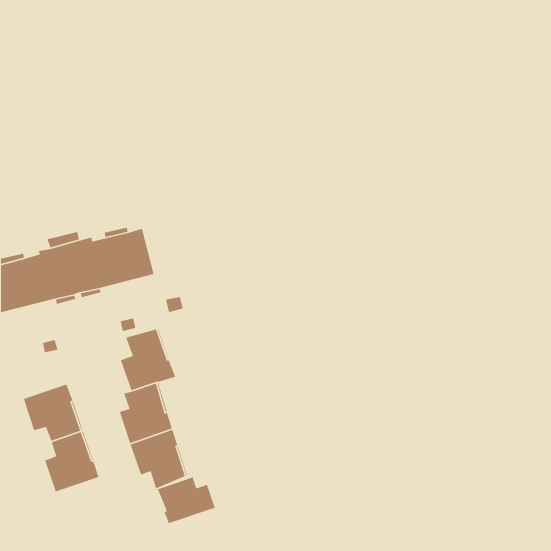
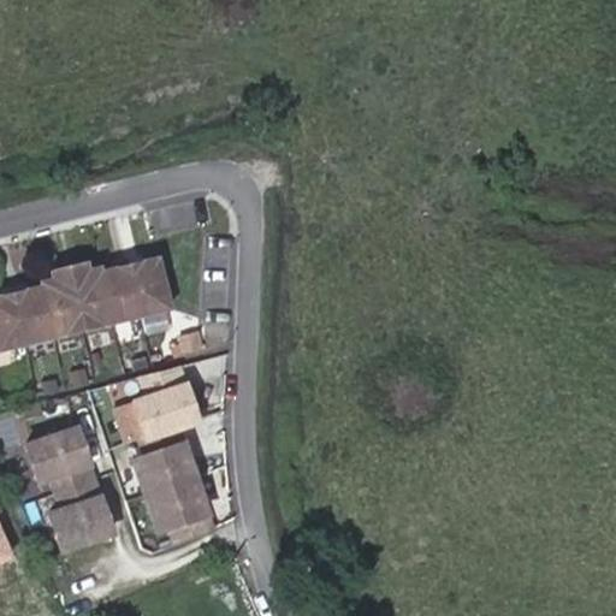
building: [157,476,216,524] -> none

